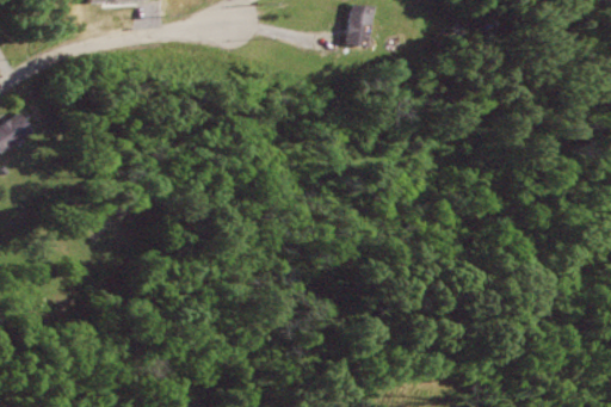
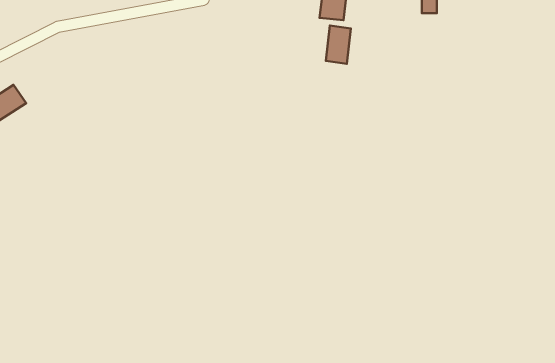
building: none -> [326,26,351,64]

